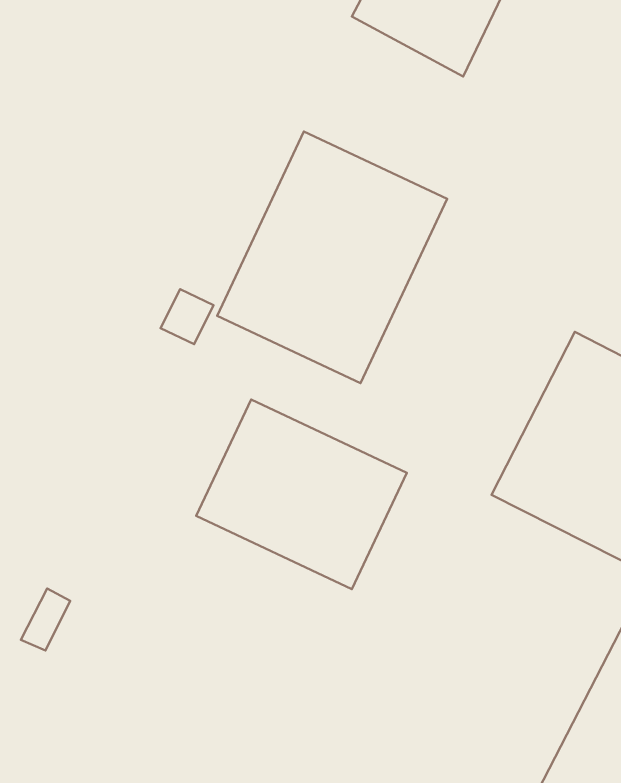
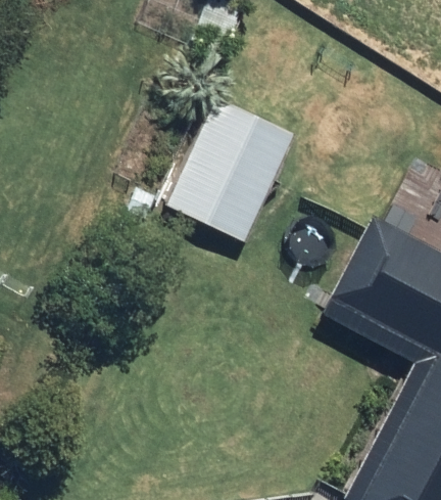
building: [196,399,407,589] -> none

